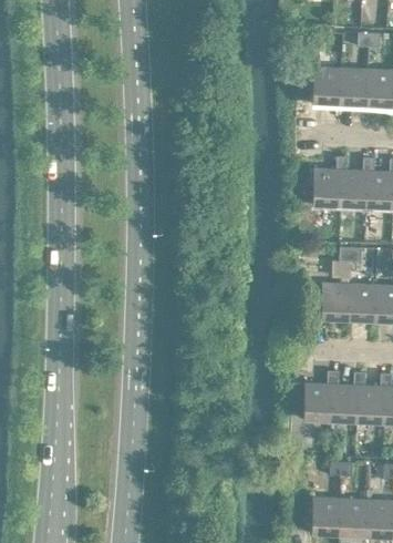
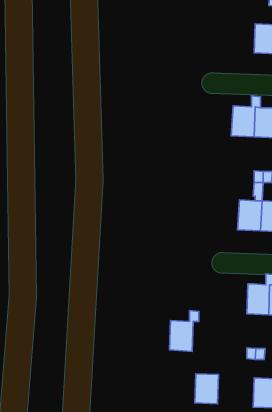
building: [310,52,342,102] -> none
building: [304,369,340,419] -> [169,310,199,352]
building: [312,495,341,532] -> [195,374,219,404]

